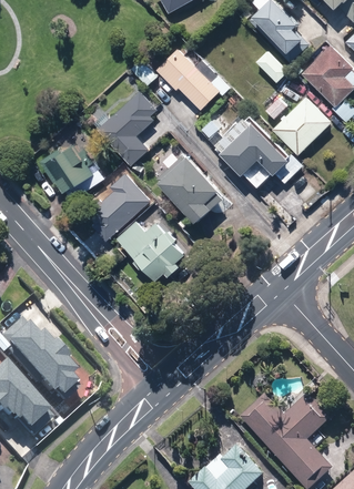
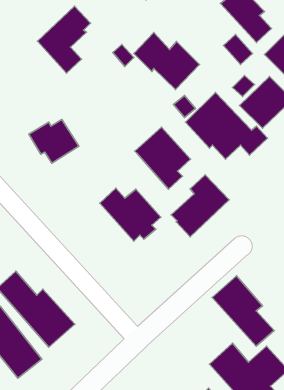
building: [100,90,159,164] -> [37,6,90,73]
building: [88,172,152,241] -> [171,175,229,237]
building: none -> [212,276,274,346]

